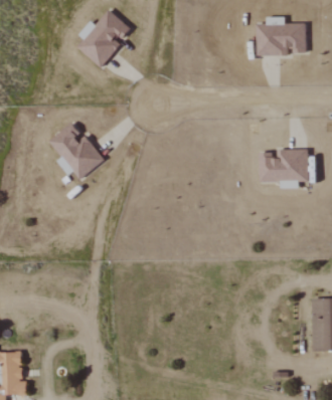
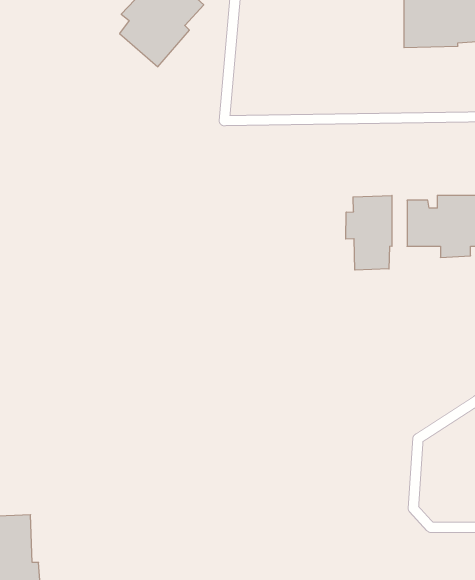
building: [50,123,106,179] -> none
building: none -> [346,195,392,270]

